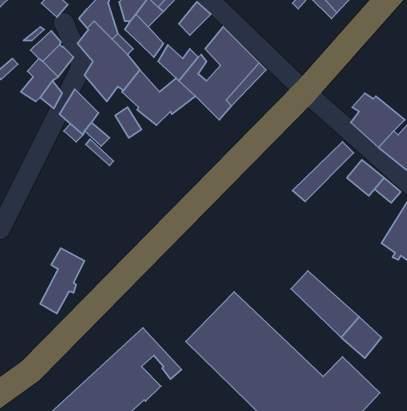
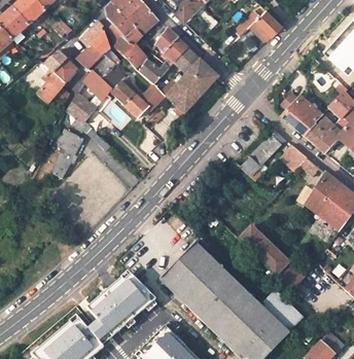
building: none -> [163,36,187,68]
building: [40,248,84,313] -> [48,131,81,179]

